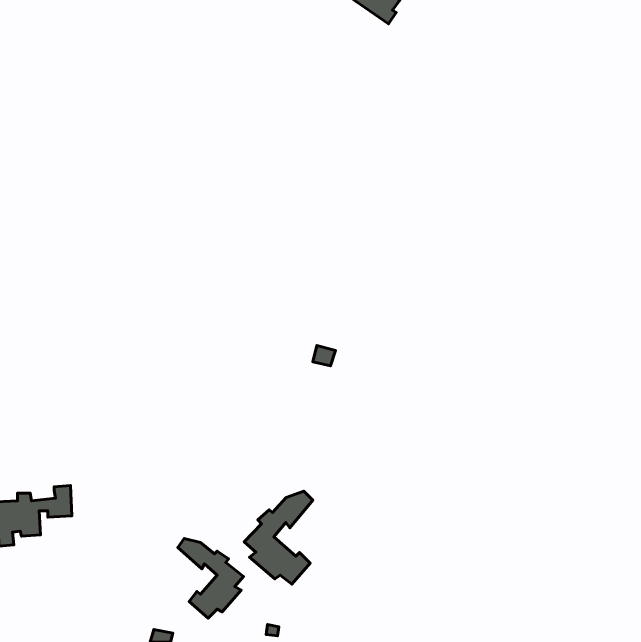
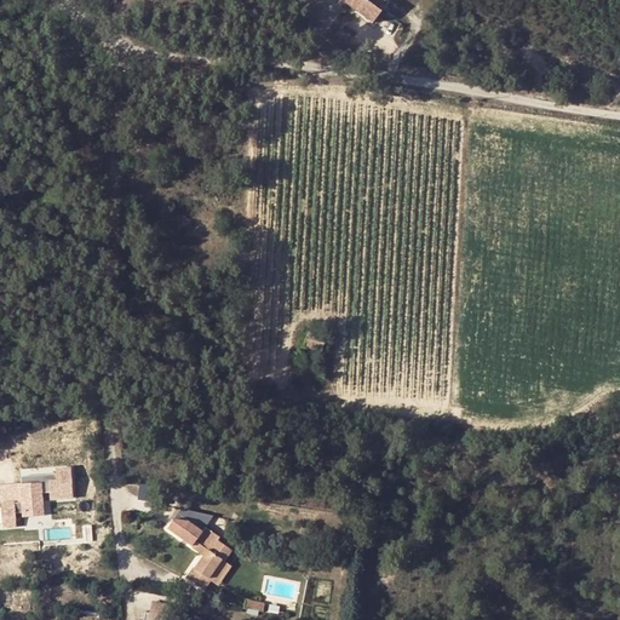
building: [244,491,313,584] -> none

